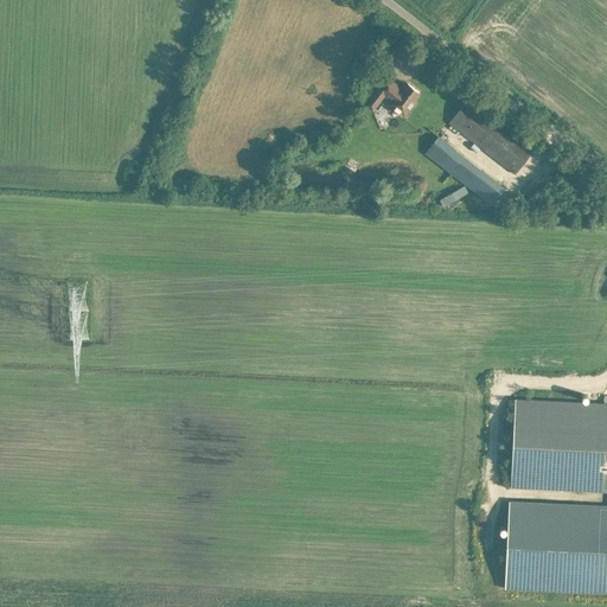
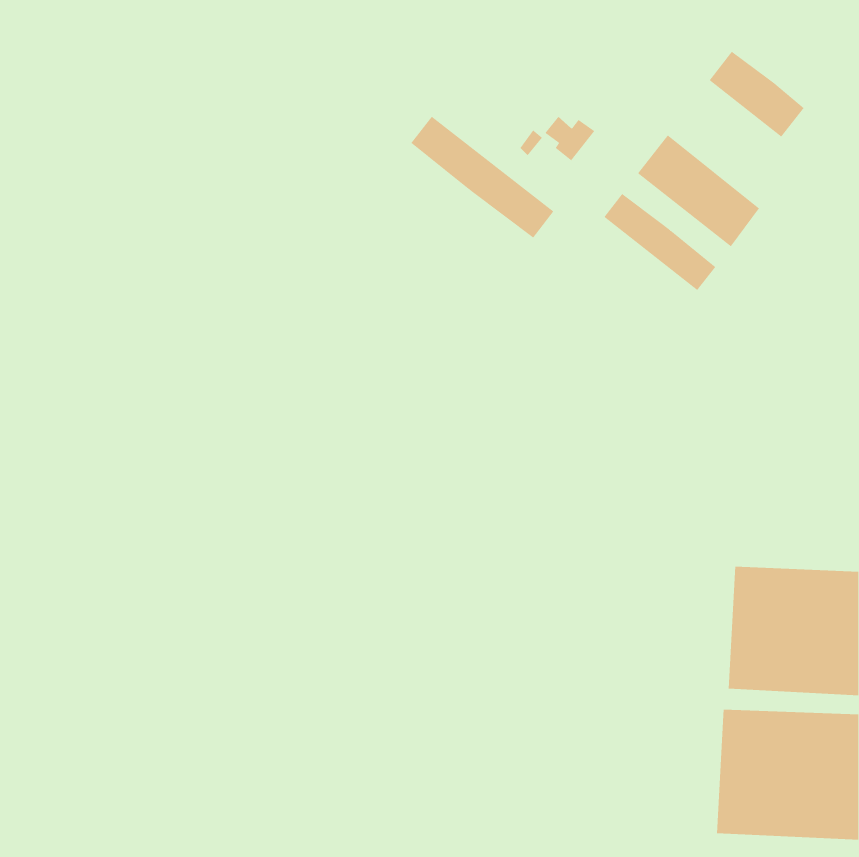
building: none -> [709,51,804,137]
building: none -> [411,116,554,238]

